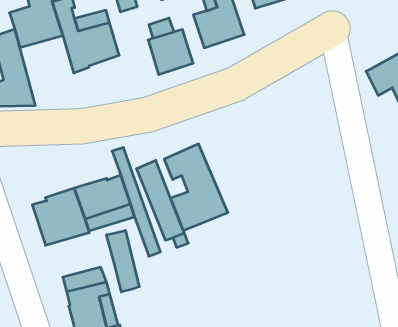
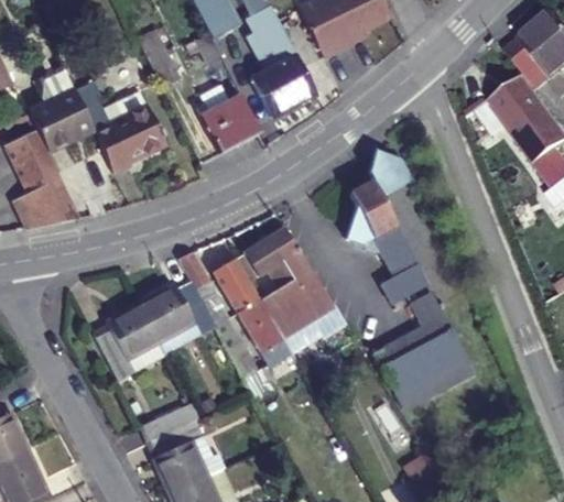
building: none -> [344,152,425,307]
building: none -> [373,292,473,407]
building: [107,230,139,292] -> none

